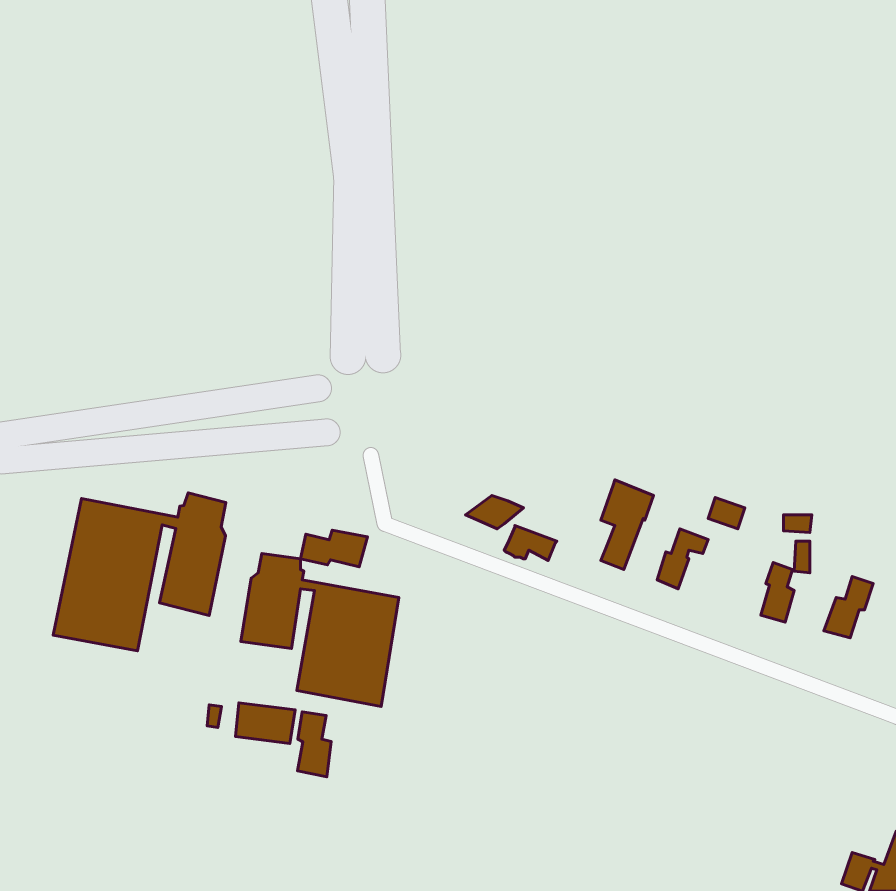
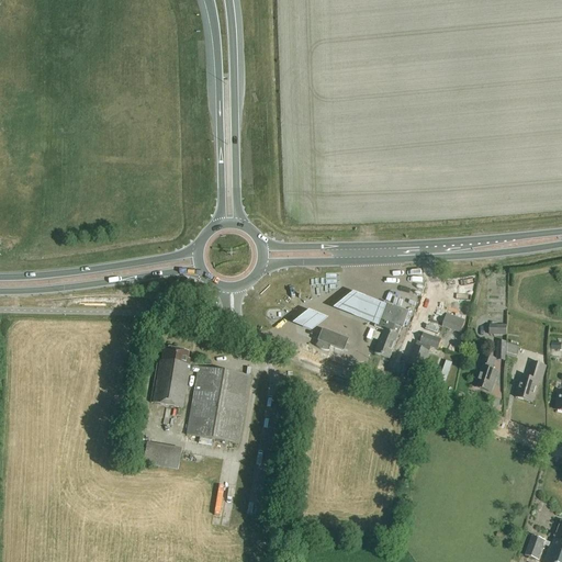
building: none -> [334,291,384,325]
building: [53,493,226,651] -> none
building: [300,530,367,567] -> none
building: [298,712,331,777] -> none

